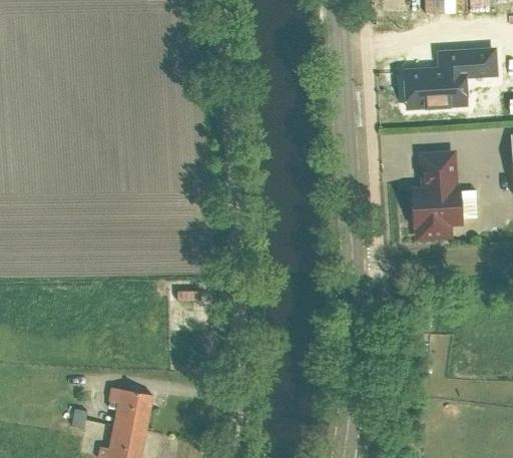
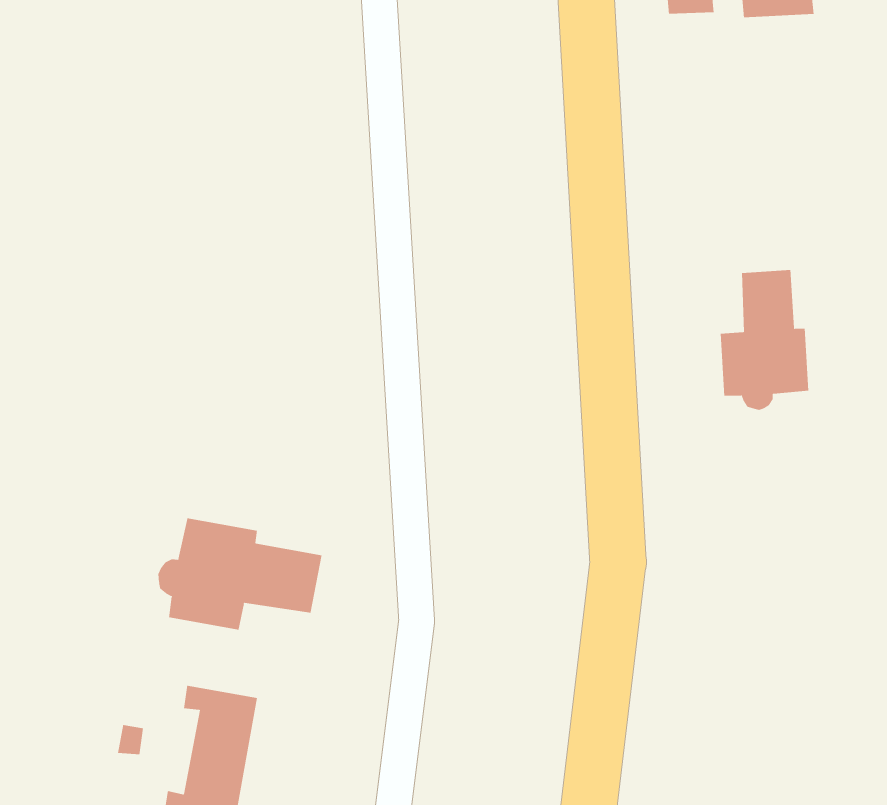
building: [406,50,496,106] -> none
building: none -> [158,517,322,631]

